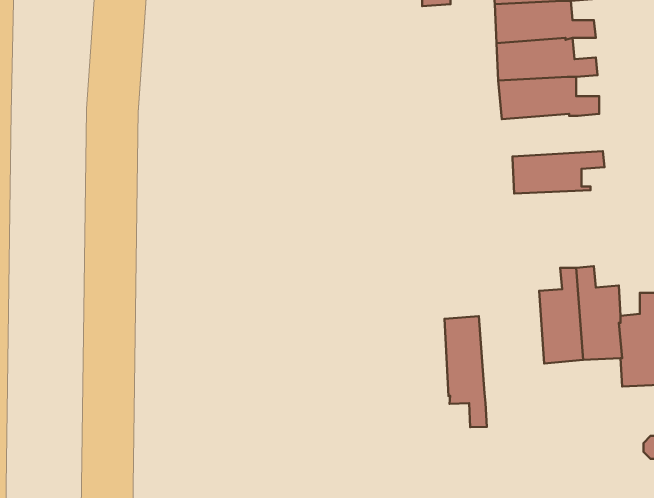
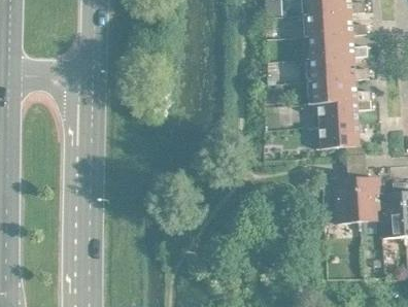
building: none -> [309,78,368,104]
building: none -> [316,123,363,156]
building: [445,316,487,427] -> none

